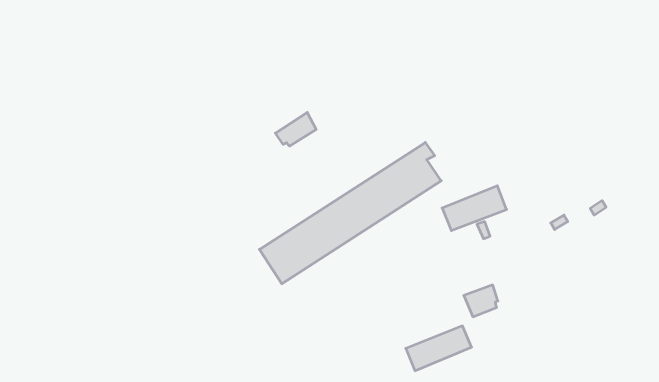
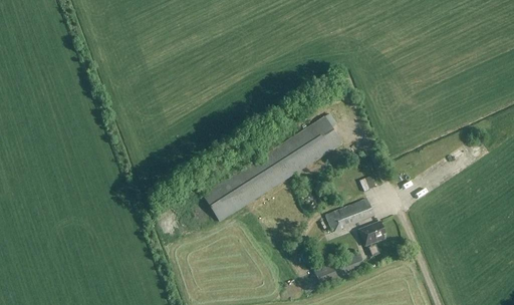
building: [275,112,316,146] -> none
building: [442,186,507,231] -> [324,197,373,231]

